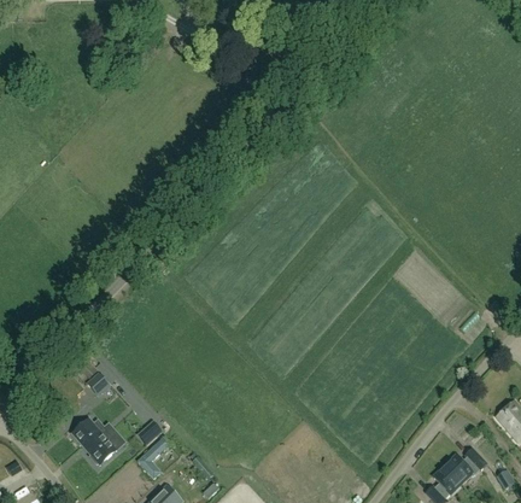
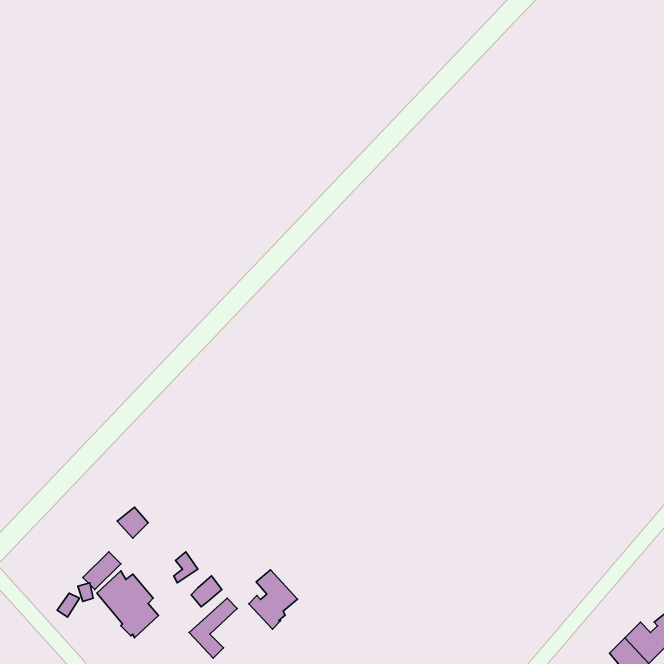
building: none -> [249,570,298,629]

